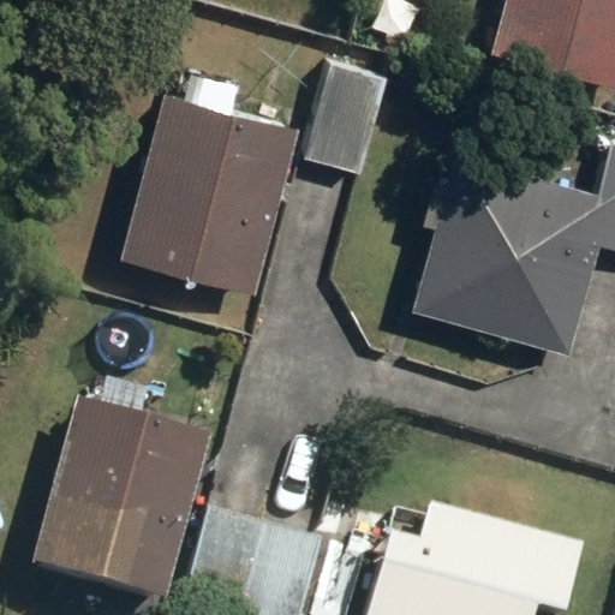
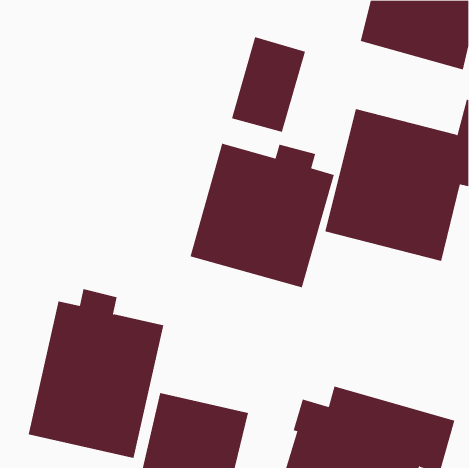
building: [120,90,297,295] -> none
building: none -> [190,143,335,288]

